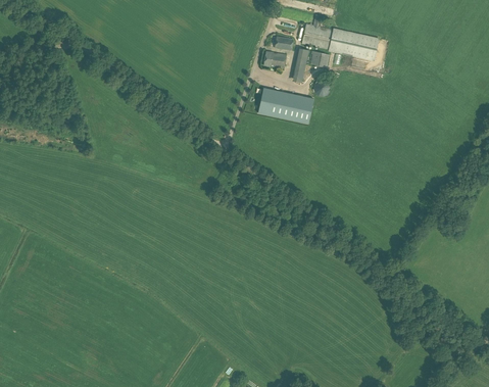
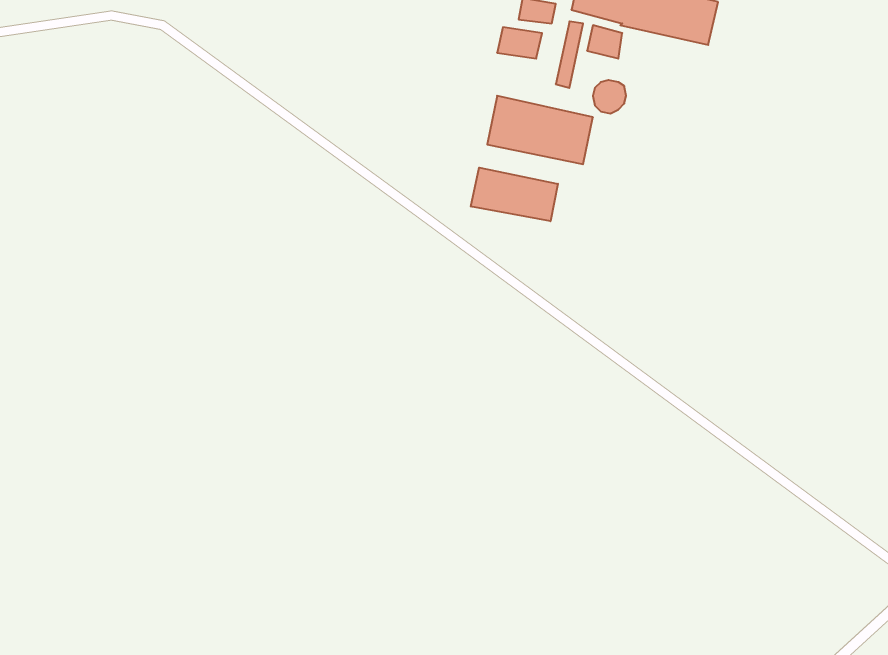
building: none -> [471,168,558,221]

